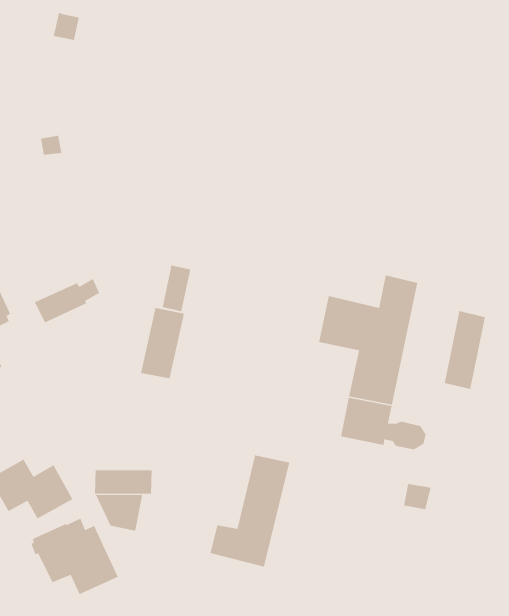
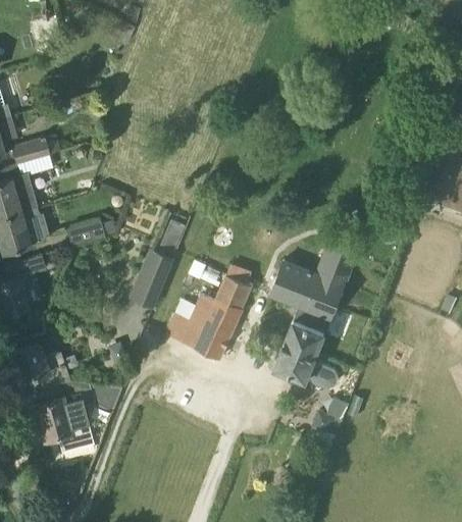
building: [444,310,486,390] -> none
building: [210,455,290,567] -> [182,273,253,358]
building: [94,469,153,494] -> none

